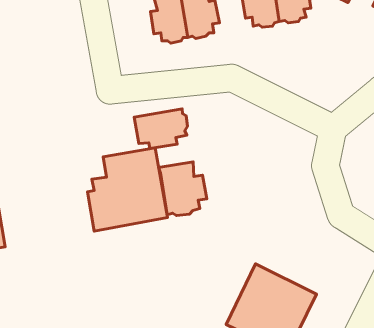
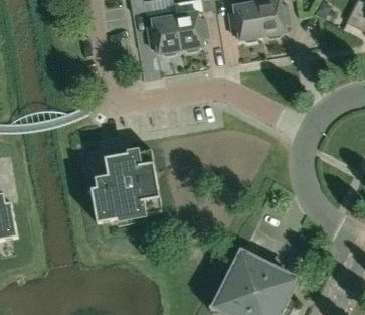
building: [134,109,188,149] -> none
building: [159,162,207,216] -> none

